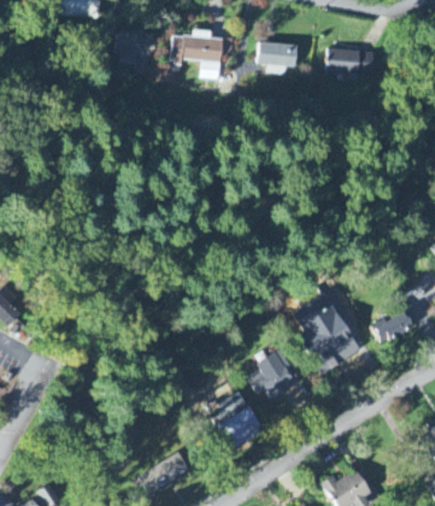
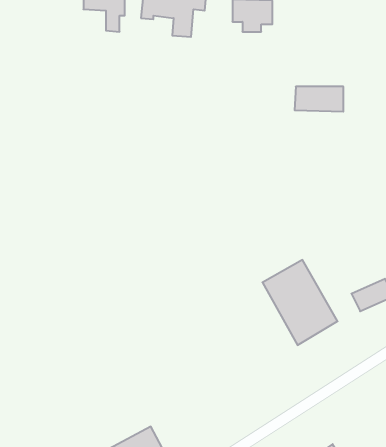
building: [325,49,372,73] -> [295,87,343,112]
building: [248,349,299,399] -> none
building: [207,392,260,449] -> none

